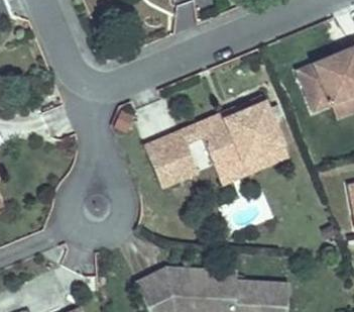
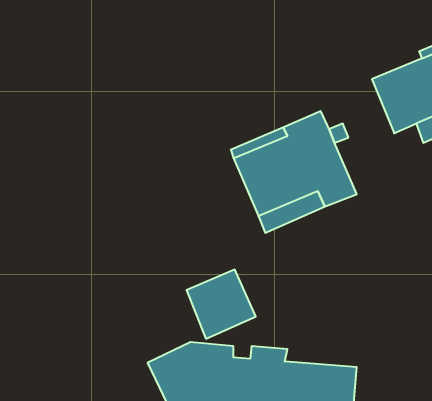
building: [147,136,198,187] -> [186,270,256,339]

